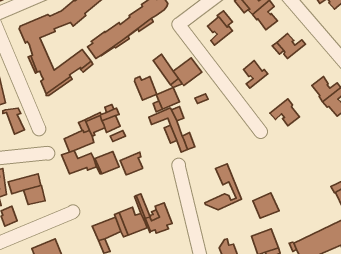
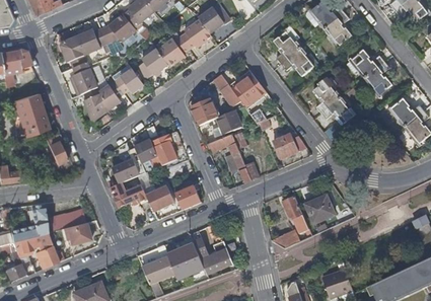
building: none -> [281,47,313,76]
building: none -> [363,62,391,94]
building: [270,99,300,126] -> [320,95,354,126]
building: none -> [273,132,307,159]
building: [253,193,279,218] -> [305,195,335,223]

